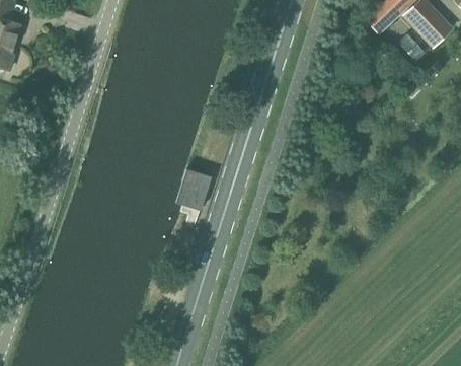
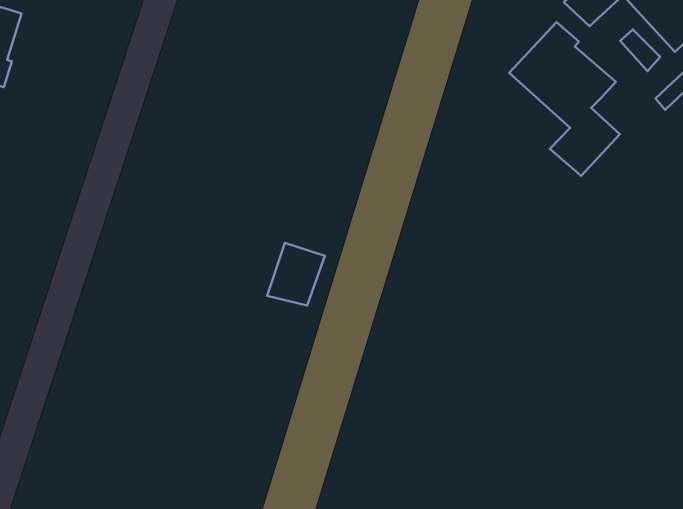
building: none -> [509,22,620,176]

